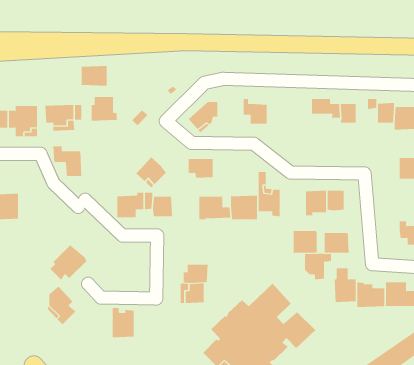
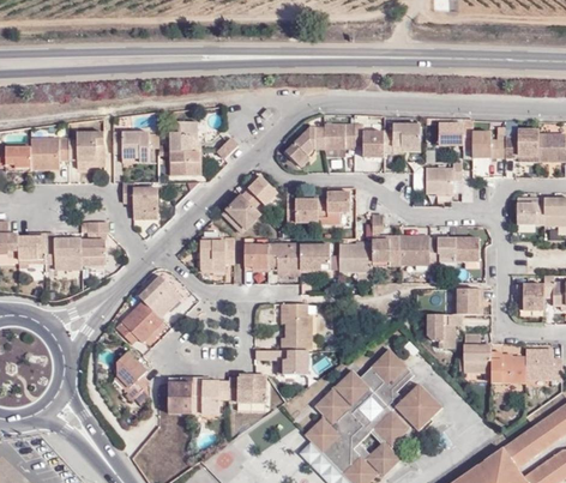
building: [81,65,108,86] -> [168,151,200,176]
building: none -> [383,123,417,151]
building: none -> [323,125,353,149]
building: none -> [423,161,460,193]
building: none -> [241,177,277,207]
building: none -> [317,192,349,217]
building: none -> [513,197,542,223]
building: none -> [80,222,107,266]
building: none -> [266,243,299,272]
building: none -> [138,276,181,318]
building: none -> [516,284,543,309]
building: [293,231,318,253] -> [398,235,428,262]
building: none -> [279,303,311,326]
building: none -> [229,374,266,404]
building: none -> [168,384,193,415]

